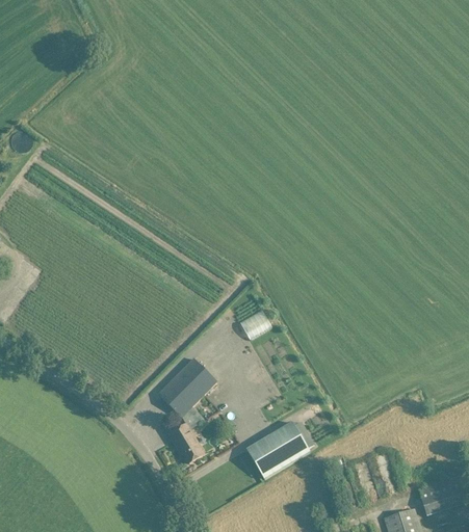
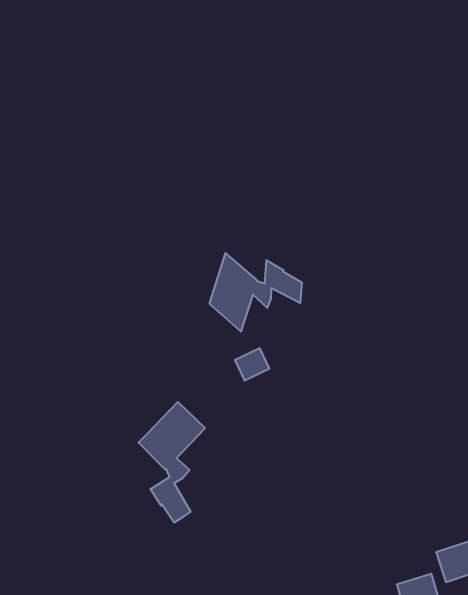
building: none -> [210,253,302,332]
building: [245,421,310,478] -> none

